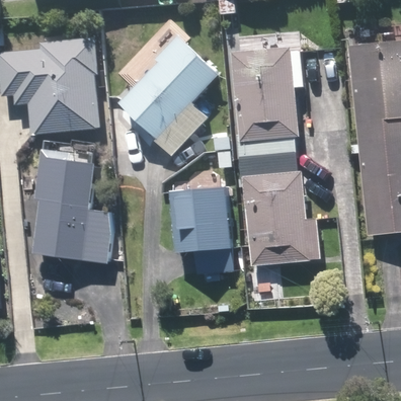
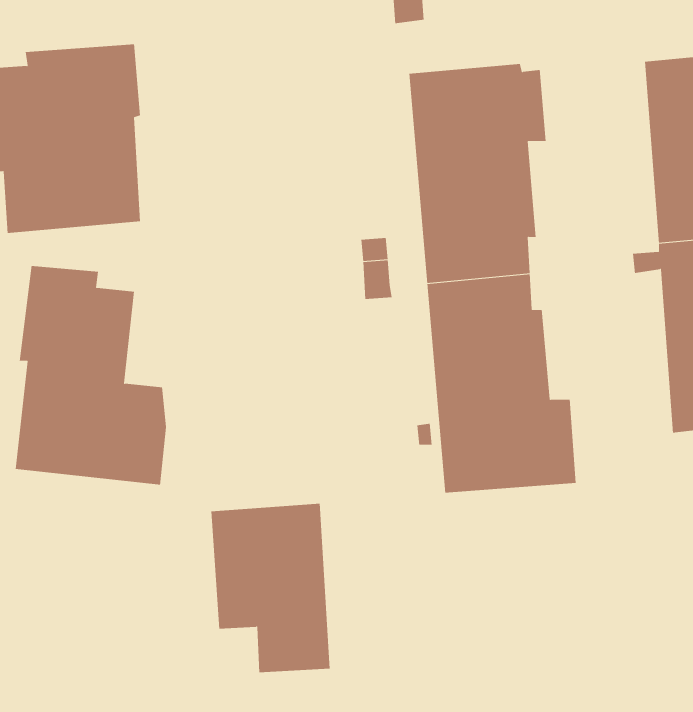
building: [118,34,218,151] -> none
building: [171,187,232,273] -> [211,503,330,673]

